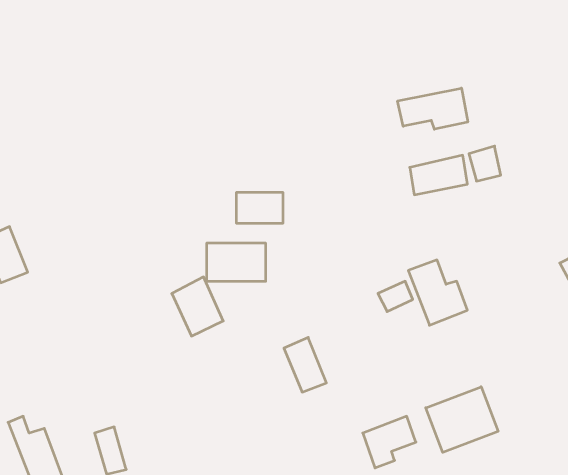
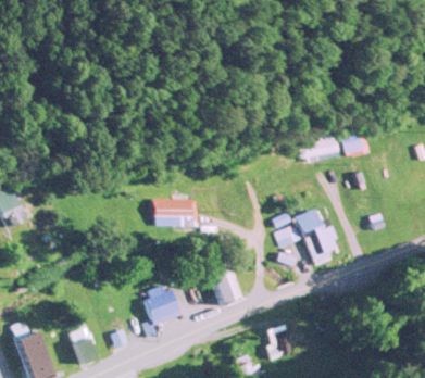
building: [398,88,468,129] -> none
building: [237,192,283,223] -> none
building: [172,277,223,336] -> [142,282,179,325]
building: [426,387,498,452] -> none

